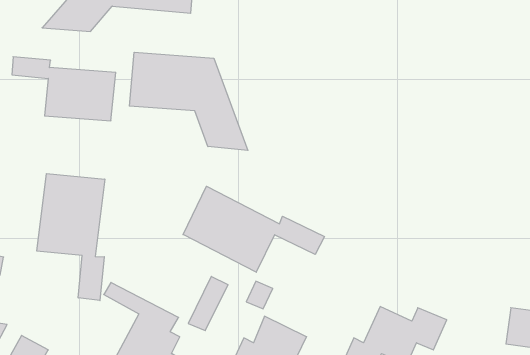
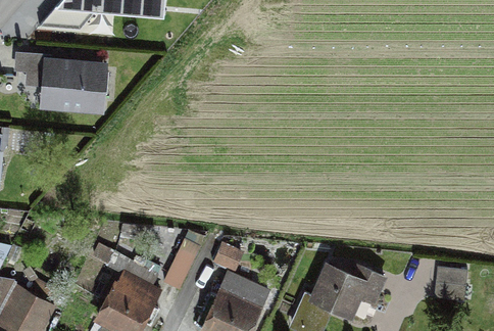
building: [129,52,248,150] -> none
building: [37,174,105,301] -> none
building: [183,186,324,272] -> none

